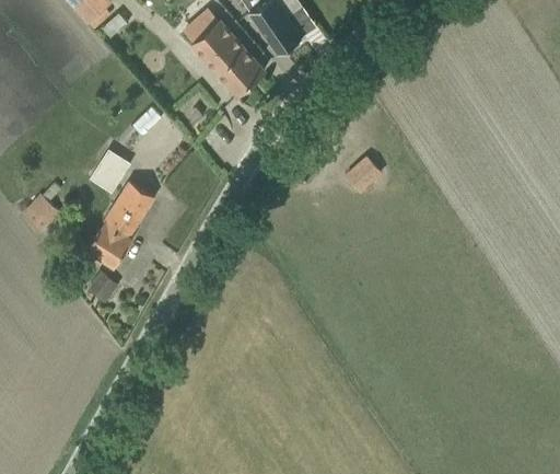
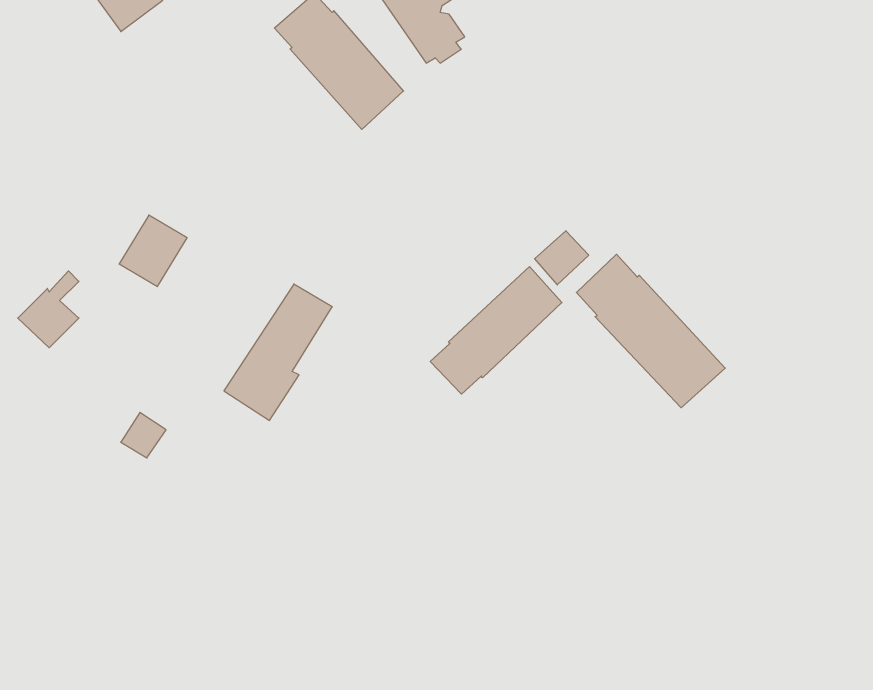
building: none -> [576,254,725,408]
building: none -> [430,267,562,394]
building: [86,182,154,267] -> [224,284,332,420]

